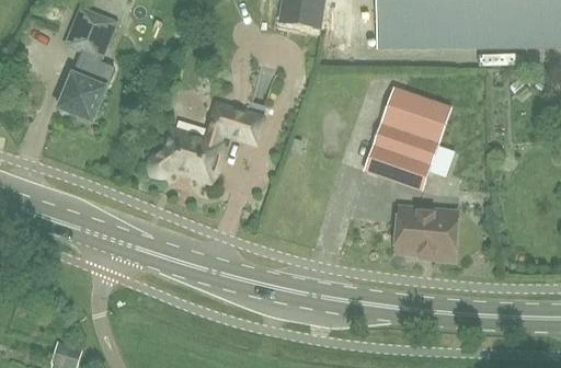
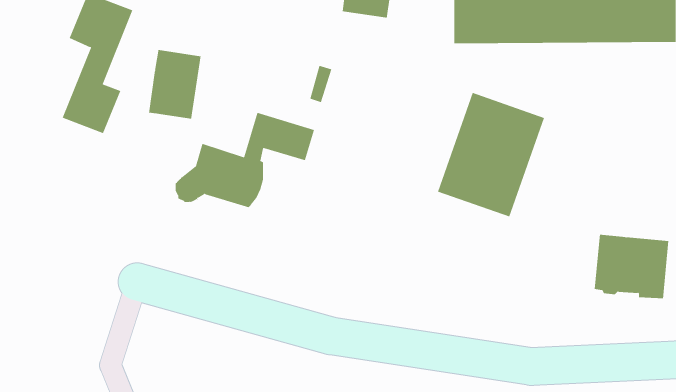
building: none -> [149,49,201,120]
building: [394,206,456,258] -> [594,234,669,299]

